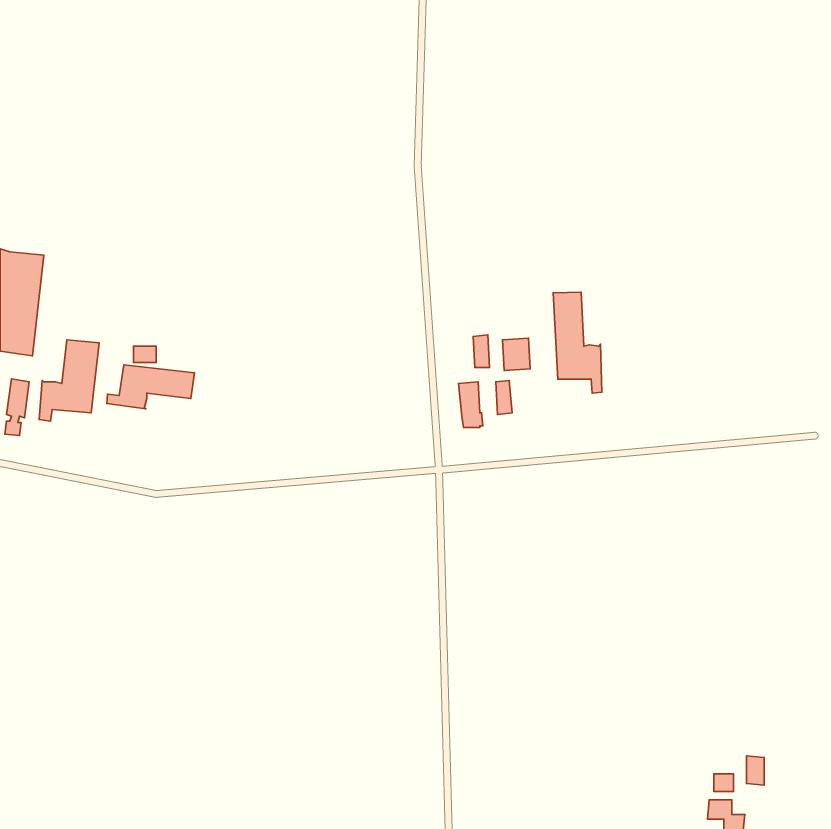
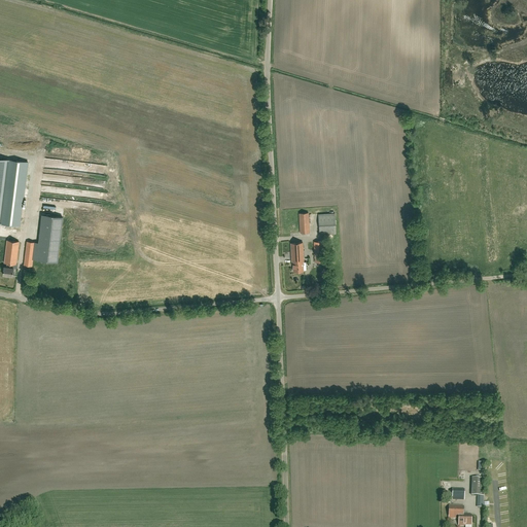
building: [553,292,602,393] -> none
building: [107,365,194,409] -> none

